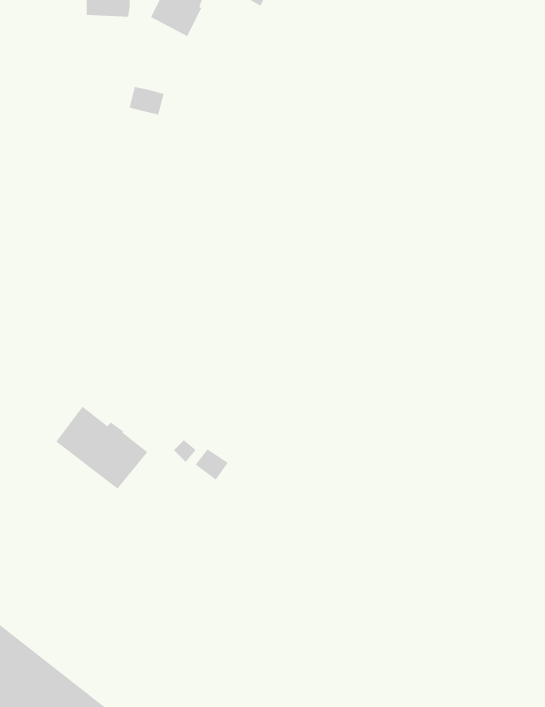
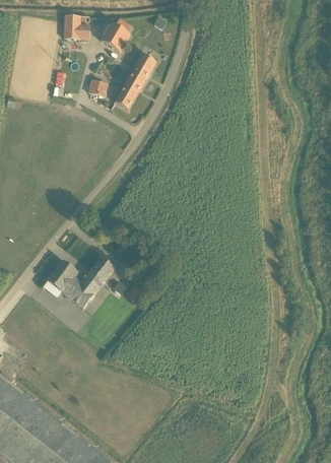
building: none -> [115,55,156,111]
building: none -> [85,258,115,288]

